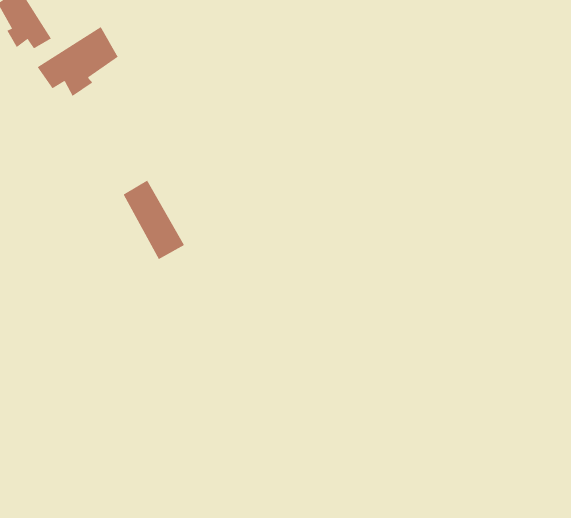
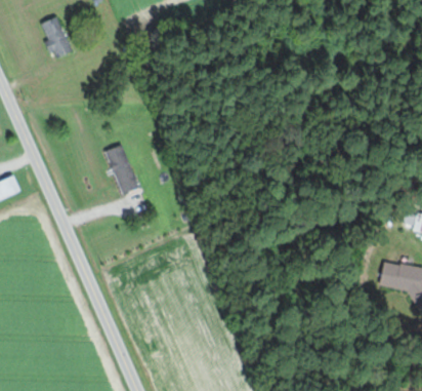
building: [37,26,119,97] -> none

